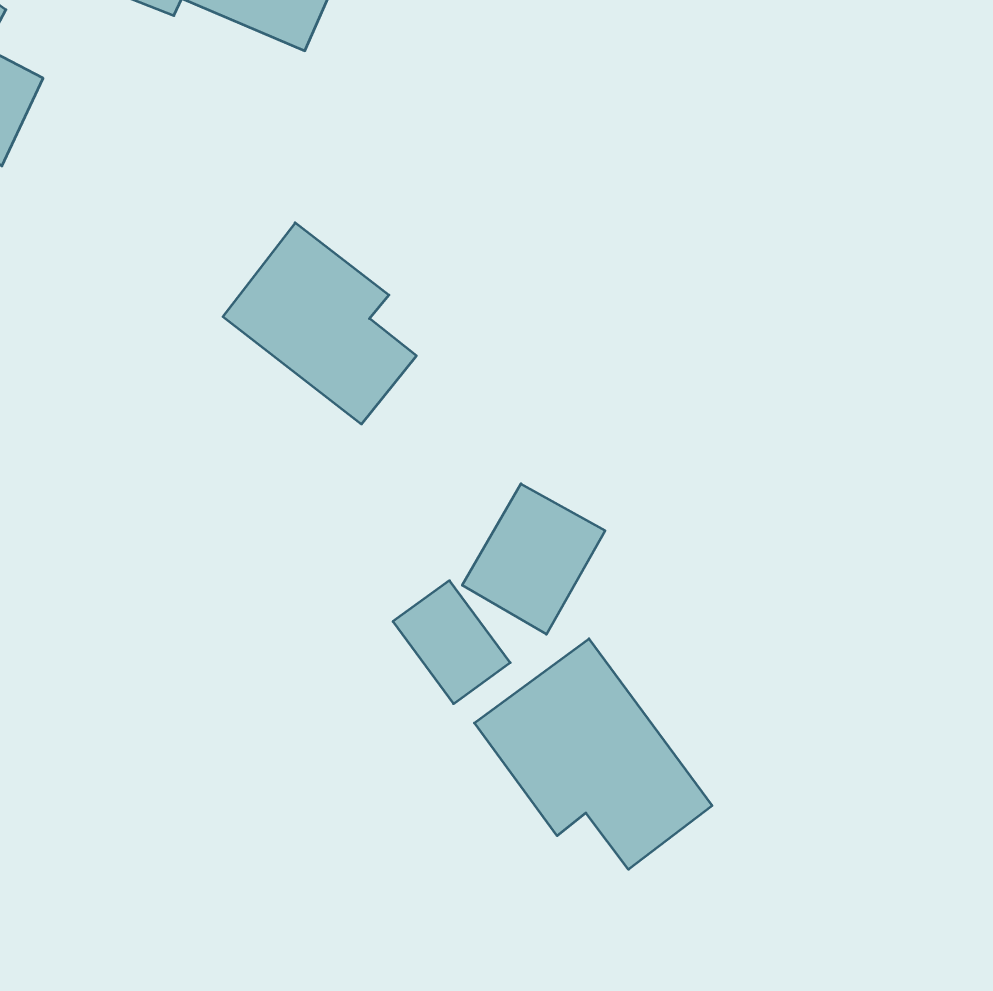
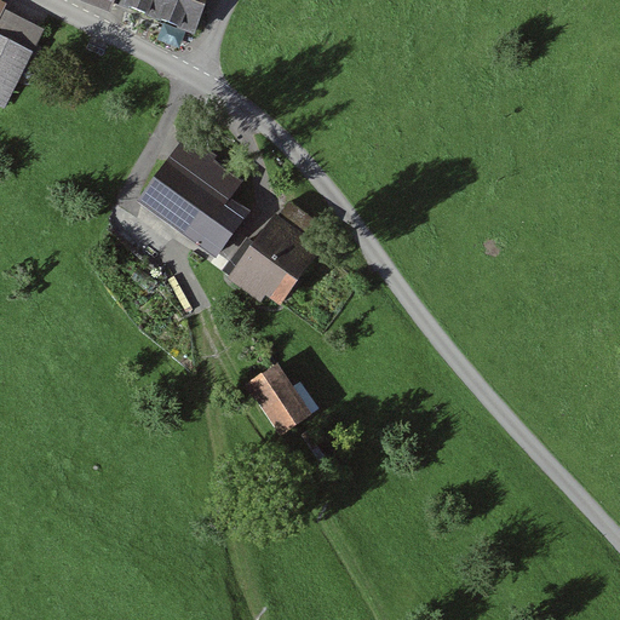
building: [462,484,605,634] -> [228,218,316,311]
building: [474,639,712,869] -> none

